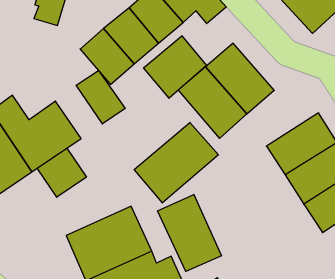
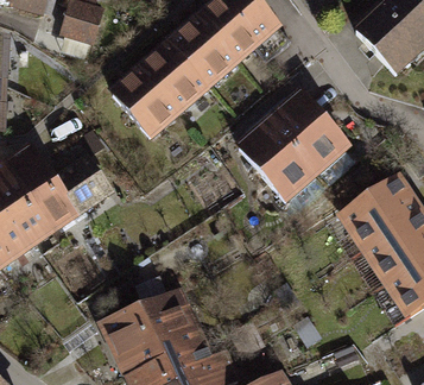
building: [144,36,207,98] -> none
building: [76,70,125,124] -> none
building: [134,122,218,203] -> none
building: [37,148,86,197] -> none
building: [158,194,221,271] -> none

